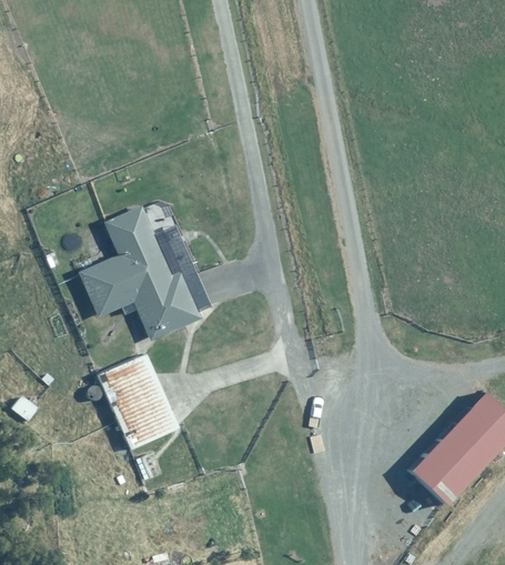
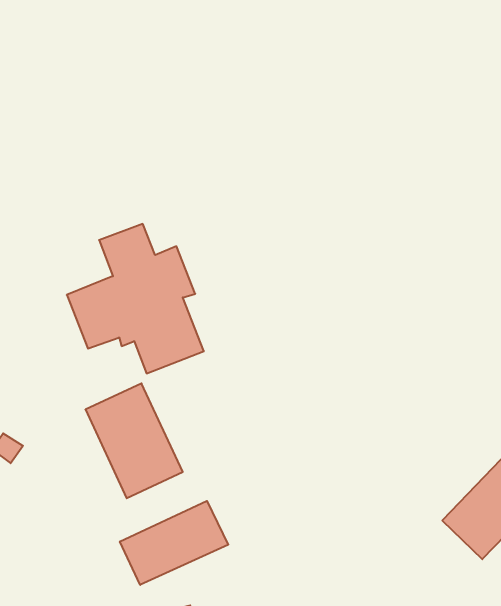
building: none -> [120,501,228,585]

